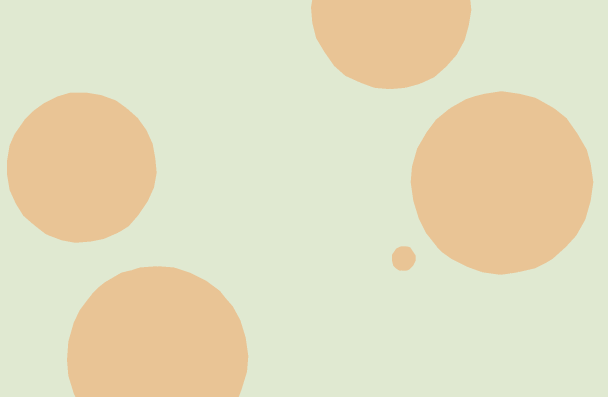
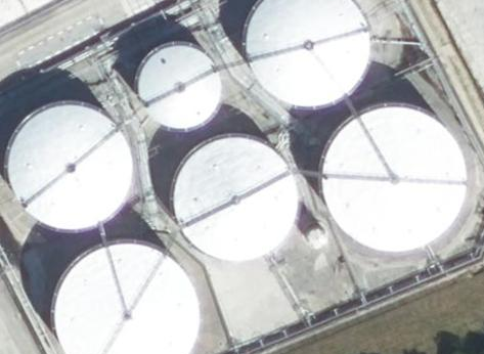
building: none -> [139,44,222,127]
building: none -> [174,137,294,257]

